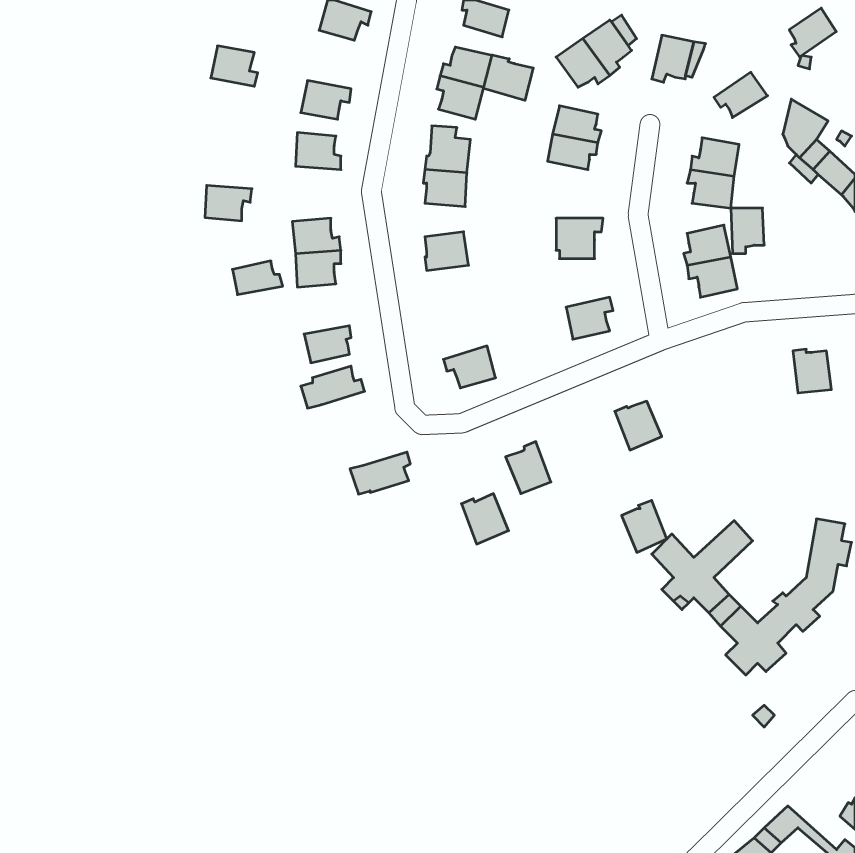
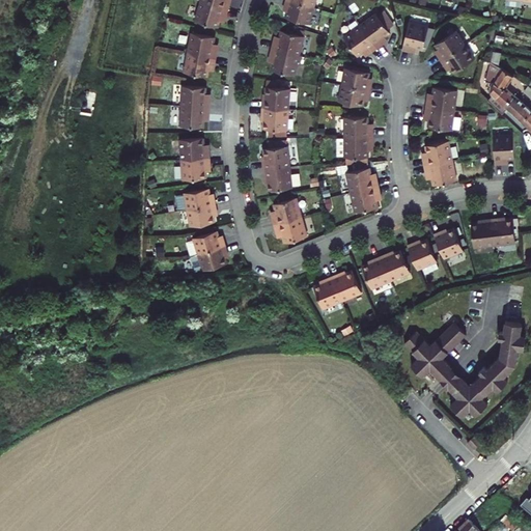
building: [789,8,836,57] -> [435,33,464,63]
building: [211,46,258,86] -> [190,33,219,58]
building: [483,55,533,100] -> none
building: none -> [343,117,372,138]
building: [205,185,252,221] -> [181,106,211,128]
building: [731,208,764,253] -> [492,137,512,165]
building: [232,261,283,295] -> [185,189,216,209]
building: none -> [263,167,300,191]
building: none -> [345,168,376,193]
building: none -> [272,198,301,225]
building: none -> [469,220,493,248]
building: none -> [432,229,462,260]
building: none -> [406,240,435,270]
building: [350,452,410,494] -> [190,245,227,271]
building: [461,494,509,544] -> [331,270,360,301]
building: [622,500,667,552] -> [361,257,389,289]

